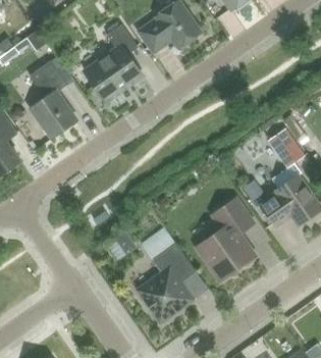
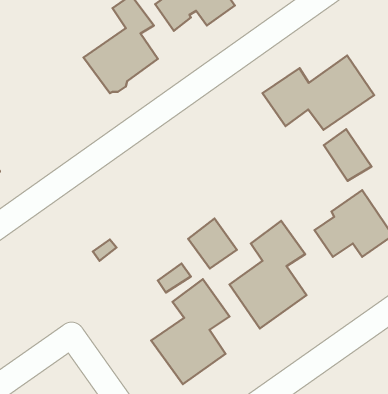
building: [29,61,75,138] -> none
building: none -> [262,56,374,130]
building: none -> [188,219,237,268]

